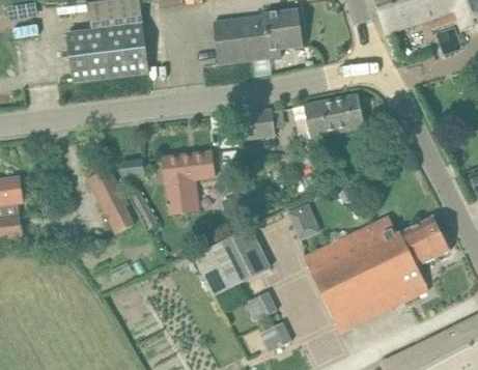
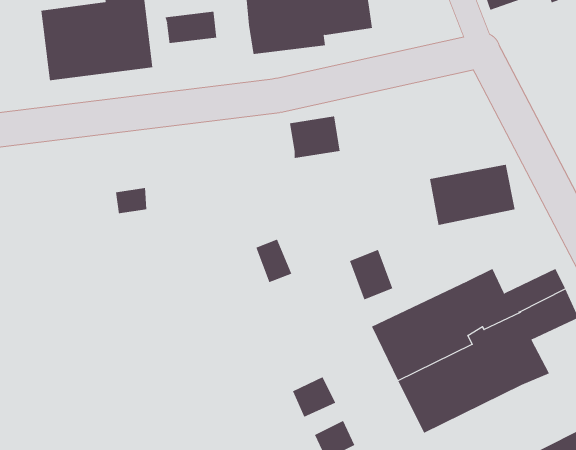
building: none -> [165,11,217,44]
building: [304,93,365,137] -> [429,164,515,226]
building: [163,150,215,199] -> none
building: [87,166,133,231] -> none
building: [197,230,270,294] -> none

